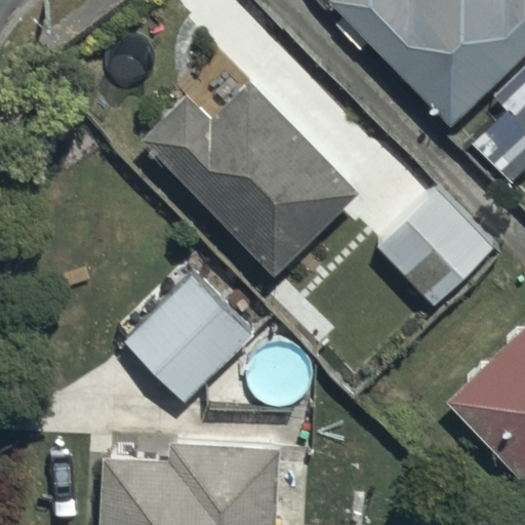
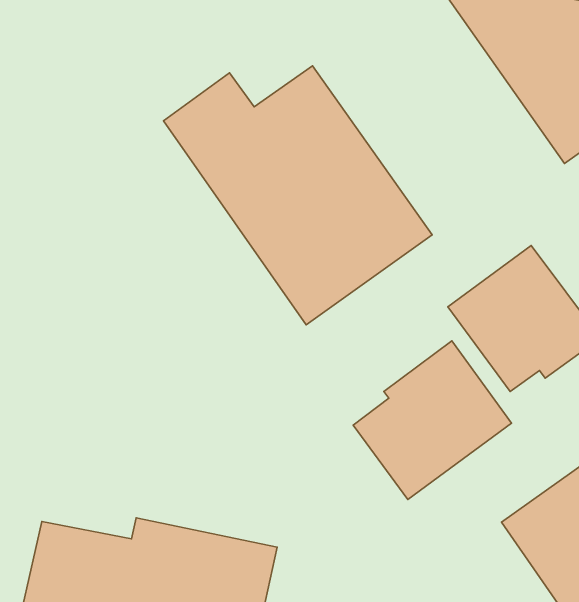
building: none -> [353,341,511,499]
building: [127,277,248,398] -> none

